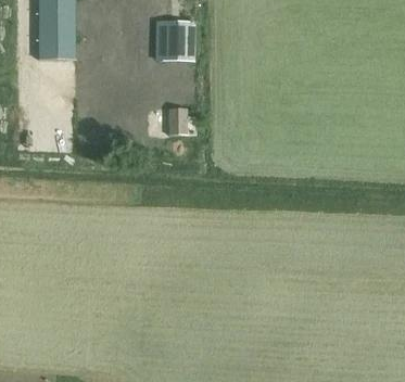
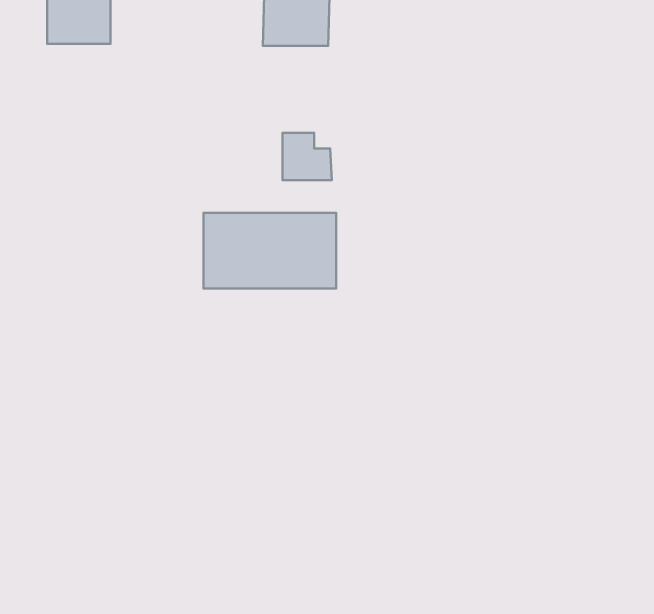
building: none -> [204,213,336,288]

